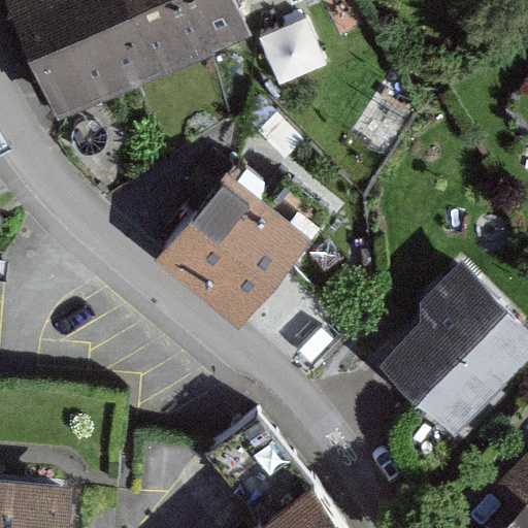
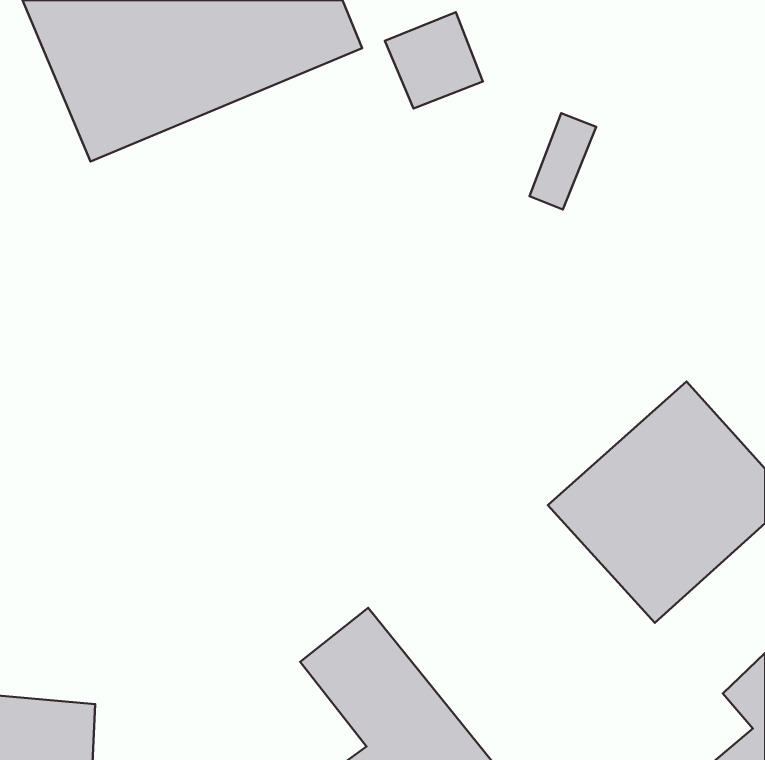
building: [163,165,324,318] -> none

